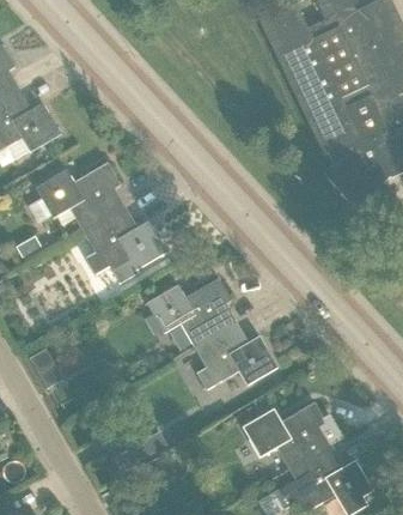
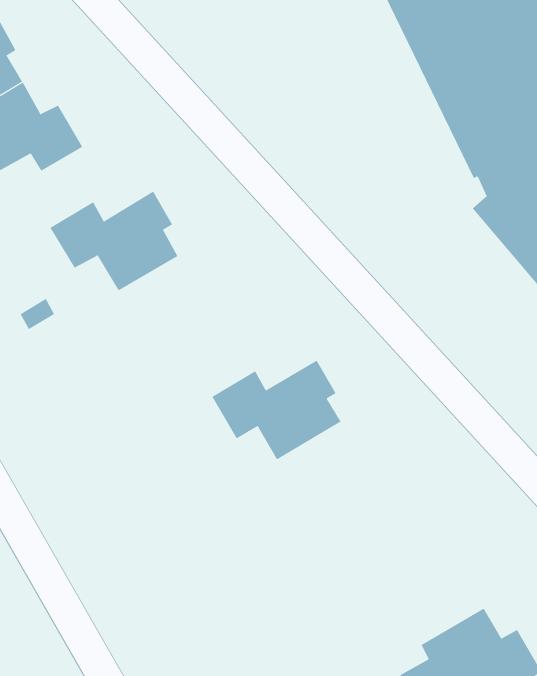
building: [84,206,166,283] -> none
building: [191,319,276,389] -> none
building: [239,401,344,471] -> none

